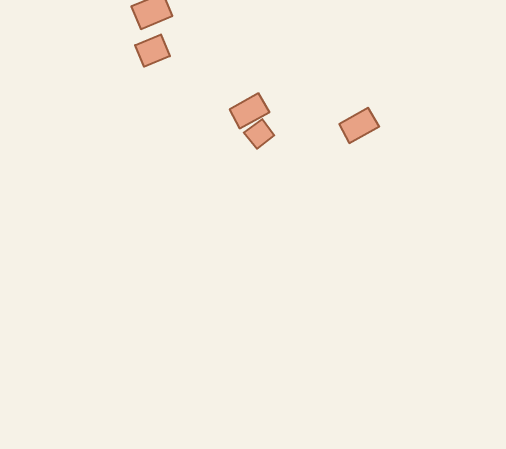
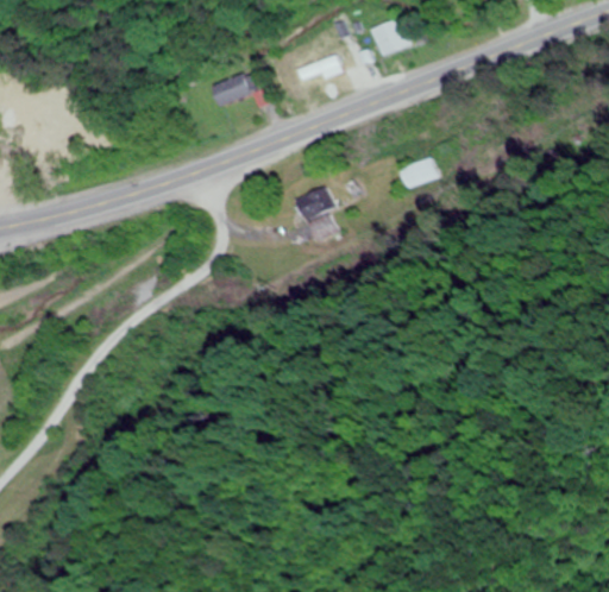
building: [135,34,170,67] -> none
building: [339,108,379,143] -> [400,157,439,189]

